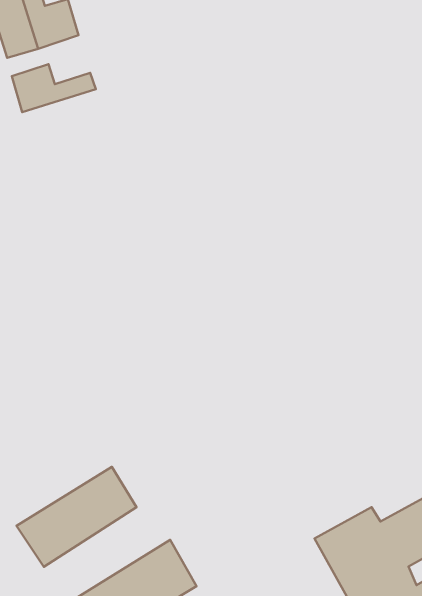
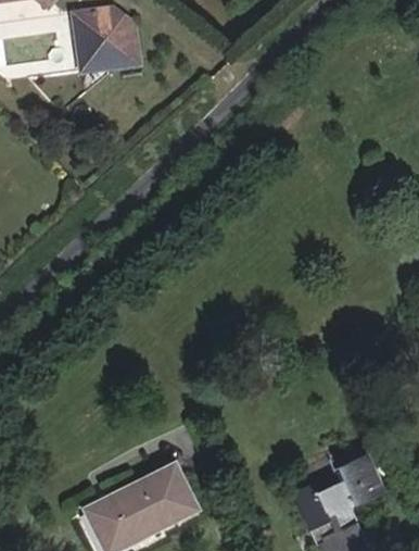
building: [12,64,96,112] -> none
building: [16,467,137,567] -> none

